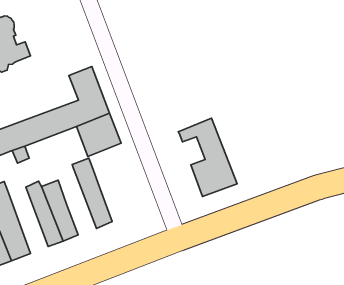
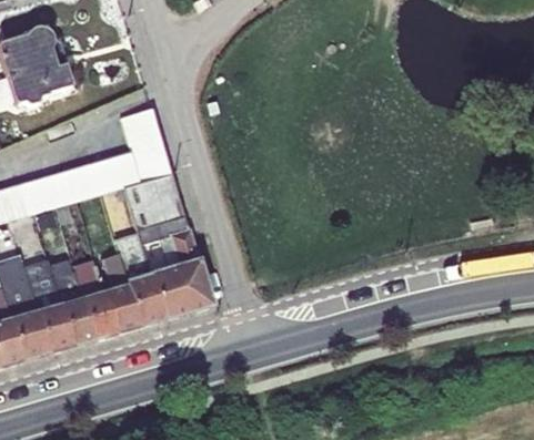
building: [178,118,237,197] -> [138,214,212,319]
building: none -> [103,254,141,334]
building: none -> [24,257,73,354]

